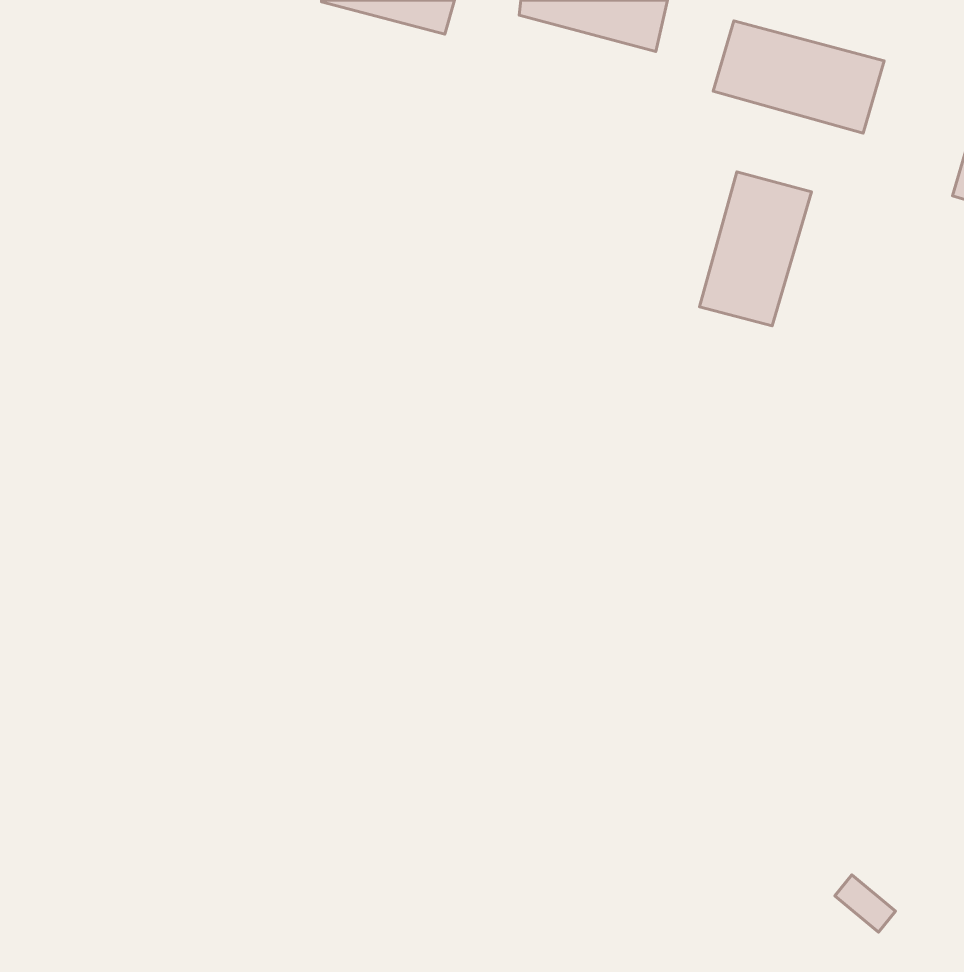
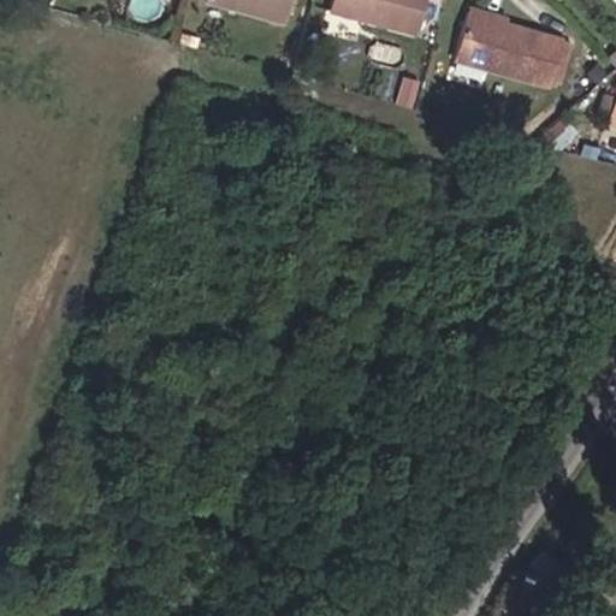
building: [699,172,812,326] -> none

